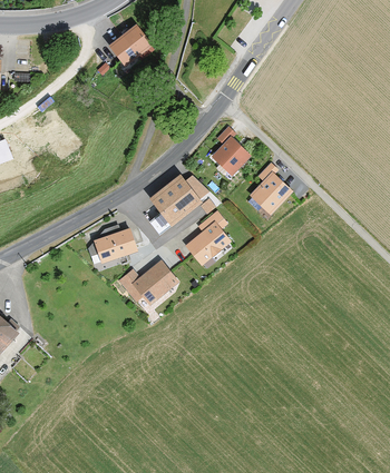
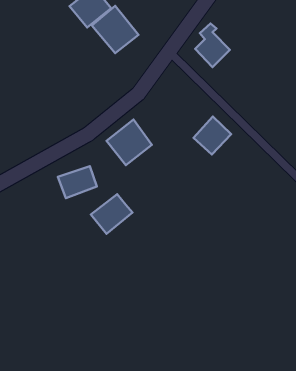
building: none -> [92,6,139,53]
building: [212,127,252,177] -> [195,24,230,67]
building: [185,221,232,266] -> none

